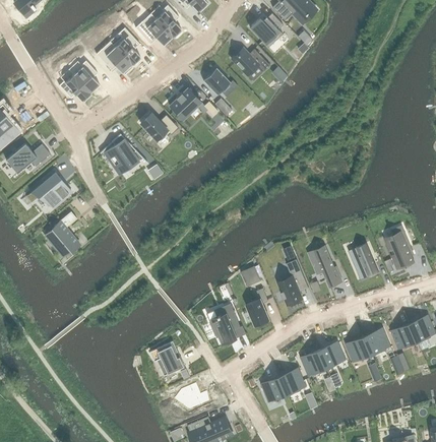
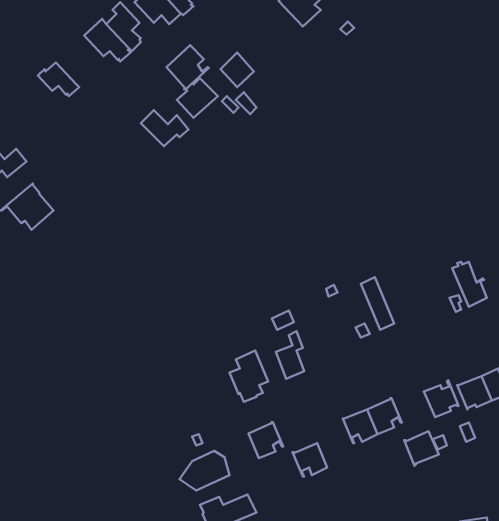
building: [232,48,270,75] -> none
building: [73,60,100,92] -> none
building: none -> [166,45,209,90]
building: [100,133,147,171] -> none
building: [47,211,79,255] -> none
building: [352,243,379,279] -> none
building: [277,259,306,305] -> none
building: [345,335,372,363] -> [404,431,439,466]
building: [150,340,185,373] -> none
building: [279,367,307,395] -> [248,422,283,458]

